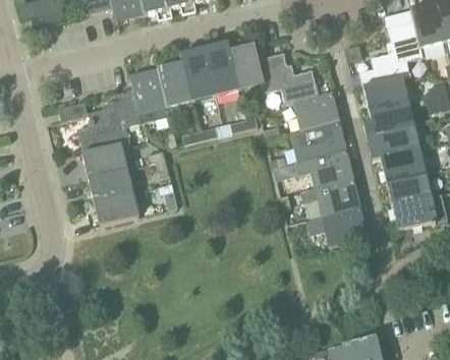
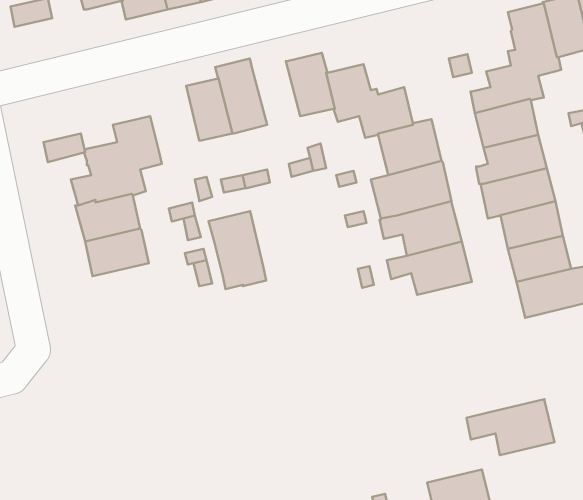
building: [204,41,239,94] -> none
building: [129,66,170,121] -> [208,211,266,289]
building: [93,191,138,225] -> none
building: [305,204,368,244] -> [467,399,555,455]

